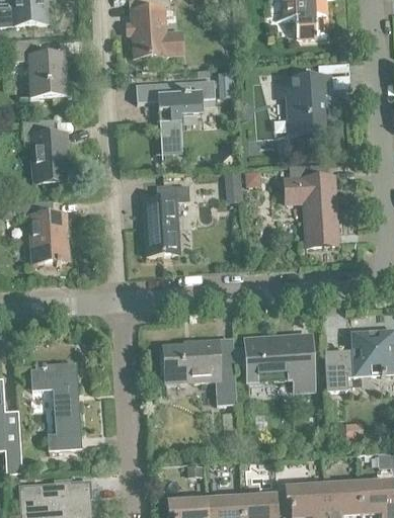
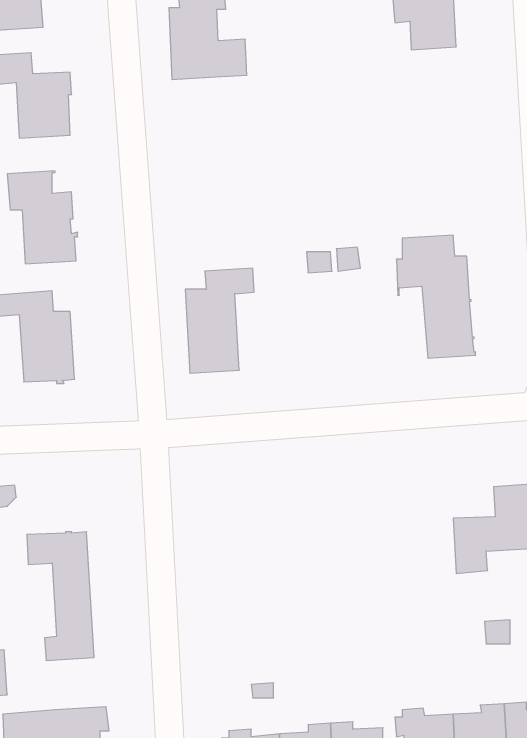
building: [273,77,330,135] -> none
building: [136,81,215,154] -> none
building: [245,335,314,391] -> none
building: [161,341,237,405] -> none

